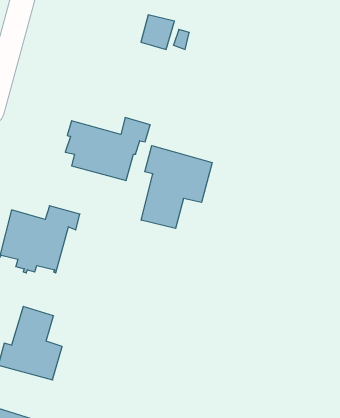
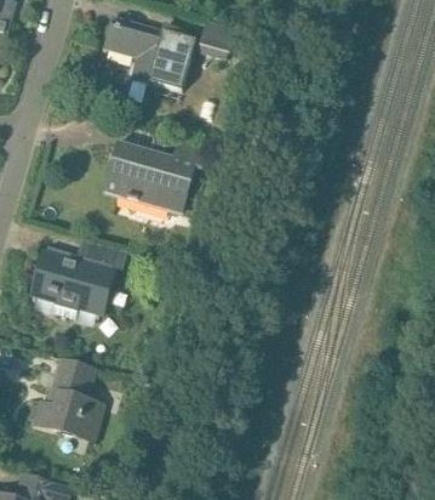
building: none -> [103,23,195,90]
building: [141,146,212,228] -> none

